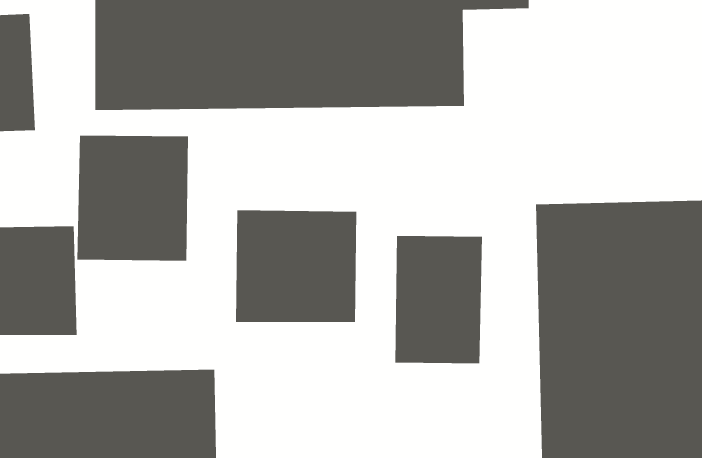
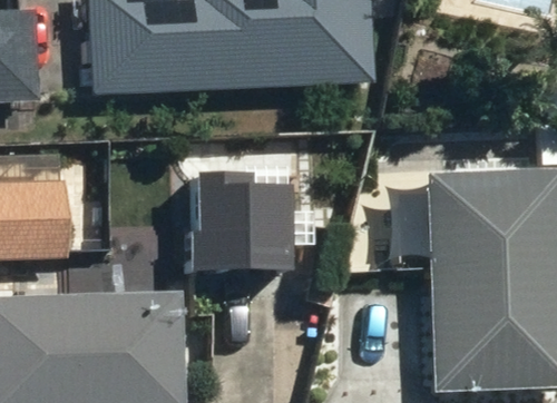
building: [76,135,189,261] -> none
building: [395,235,483,364] -> none

